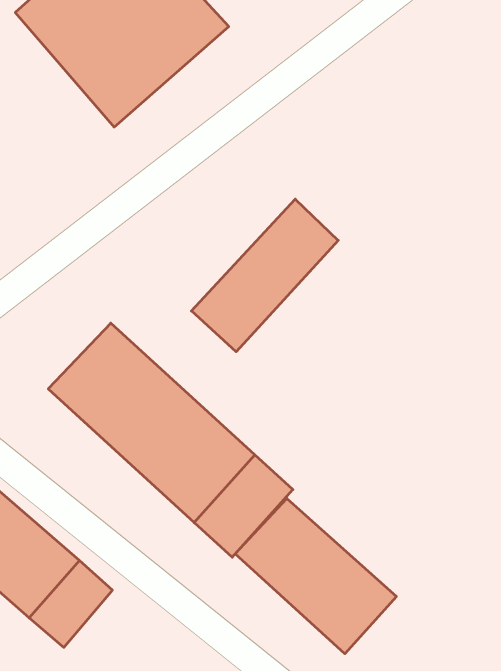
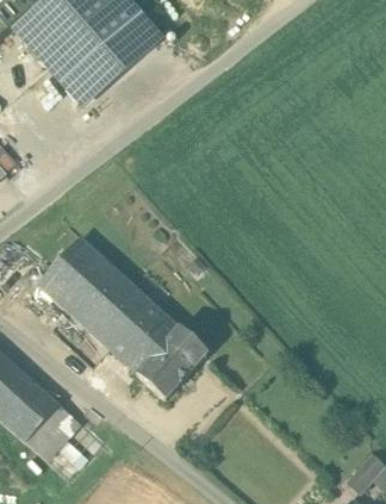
building: [191,199,338,352] -> none
building: [235,498,396,654] -> none

